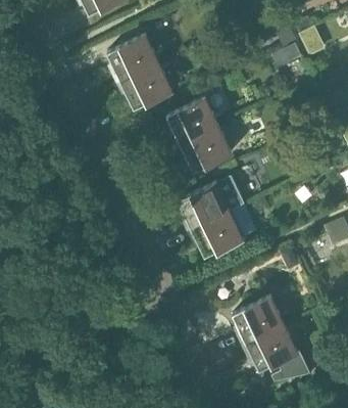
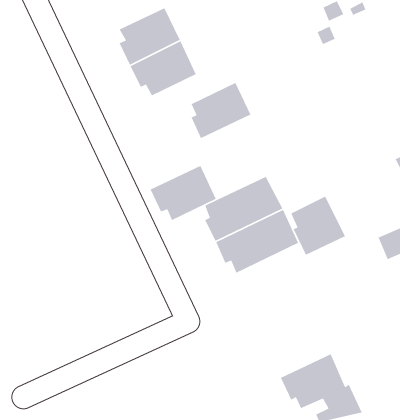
building: [176,126,232,173] -> [150,165,217,221]
building: none -> [290,195,346,256]
building: [233,298,285,346] -> none

